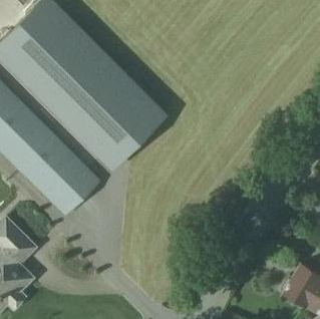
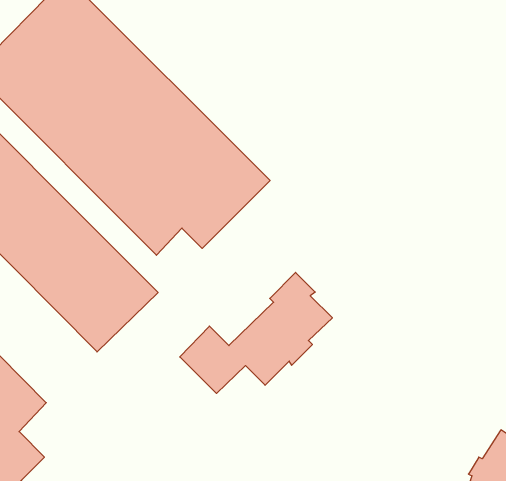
building: none -> [180,272,332,393]

